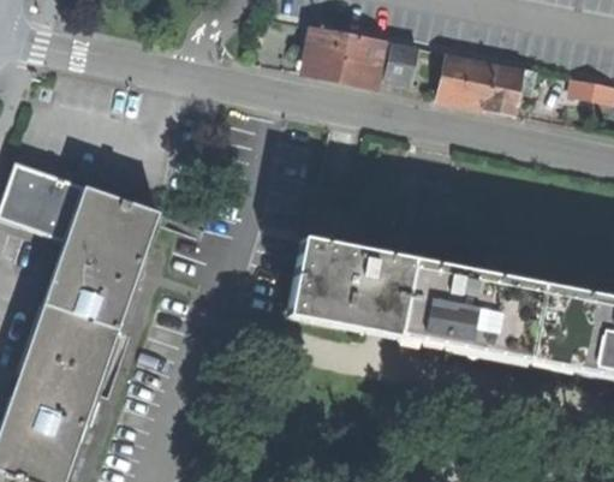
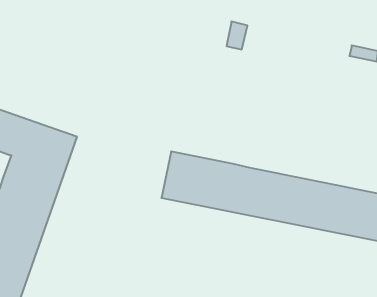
building: [300,25,381,85] -> none
building: [437,54,520,114] -> none

